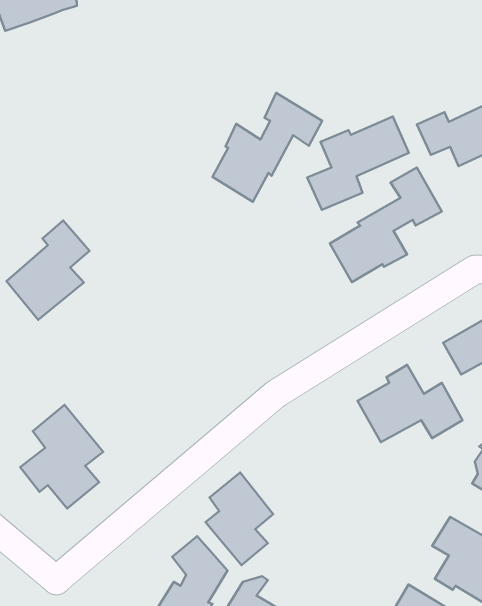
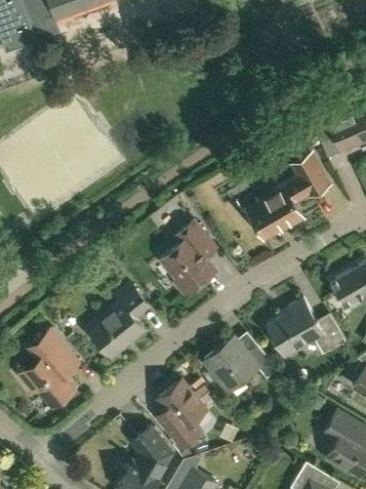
building: [213,93,322,202] -> none
building: [307,116,409,210] -> none
building: [6,220,89,320] -> [89,284,151,358]
building: none -> [163,222,217,296]
building: none -> [206,337,279,394]

